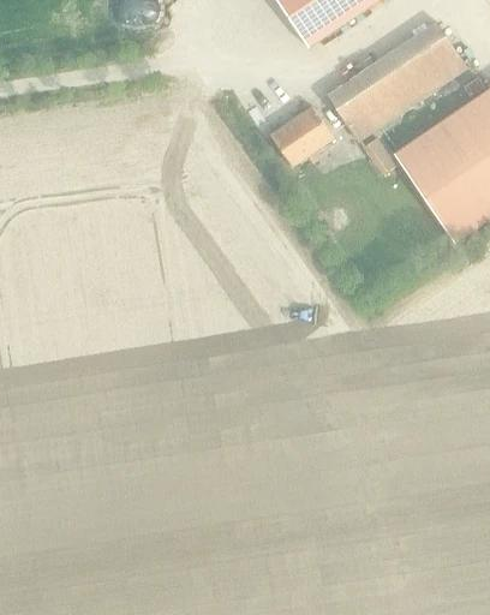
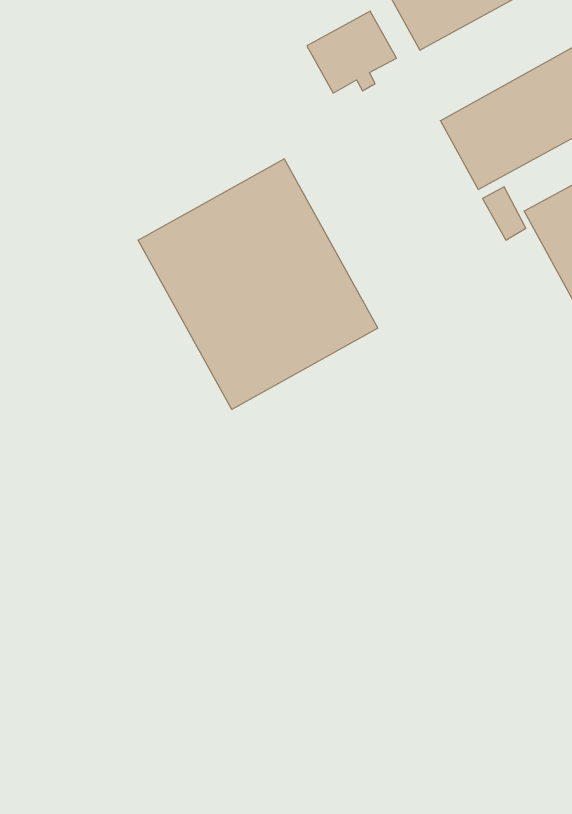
building: [270,105,334,165] -> [307,11,396,93]
building: none -> [138,159,378,409]

